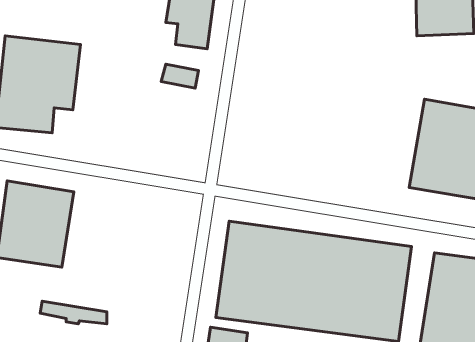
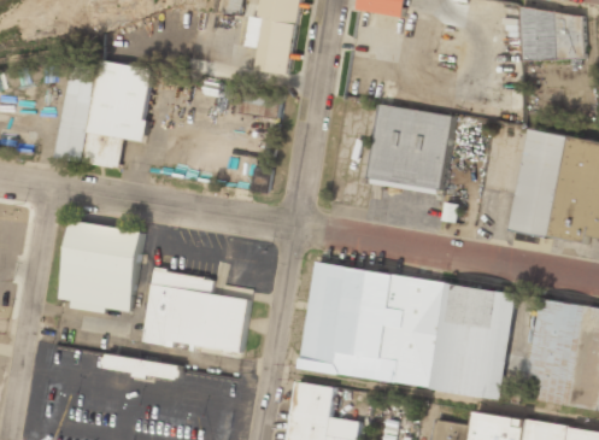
building: none -> [369,105,452,193]
building: none -> [143,271,249,357]

